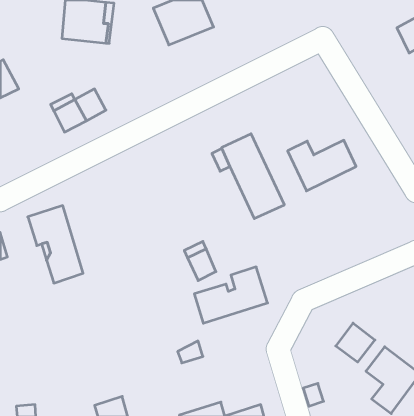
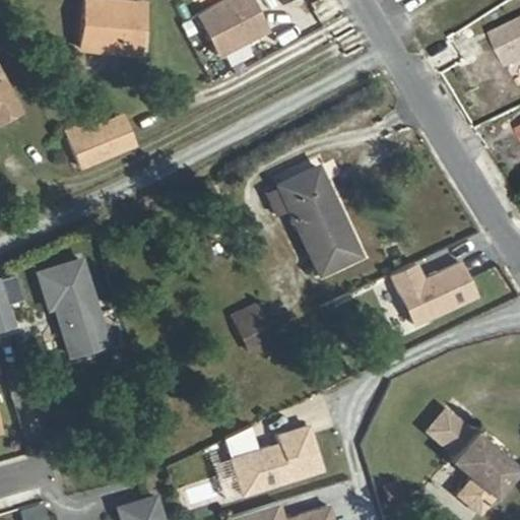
building: [288,140,356,191] -> [391,261,476,324]
building: [194,267,268,323] -> [231,425,322,495]

